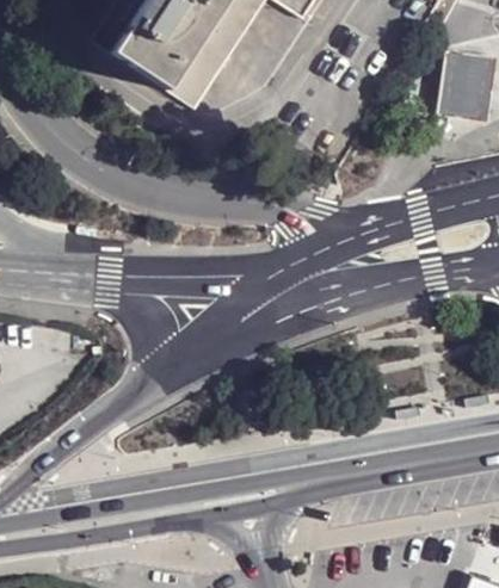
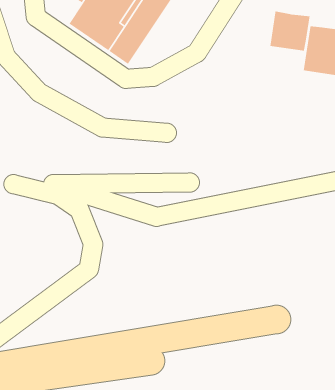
building: none -> [269,11,311,52]

